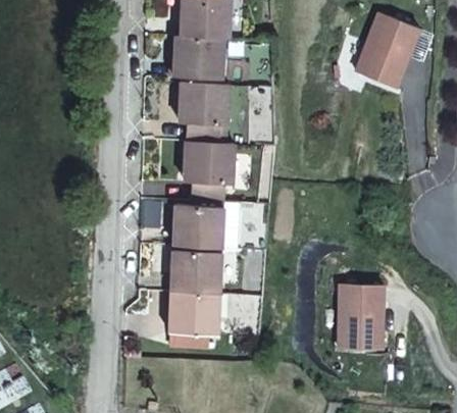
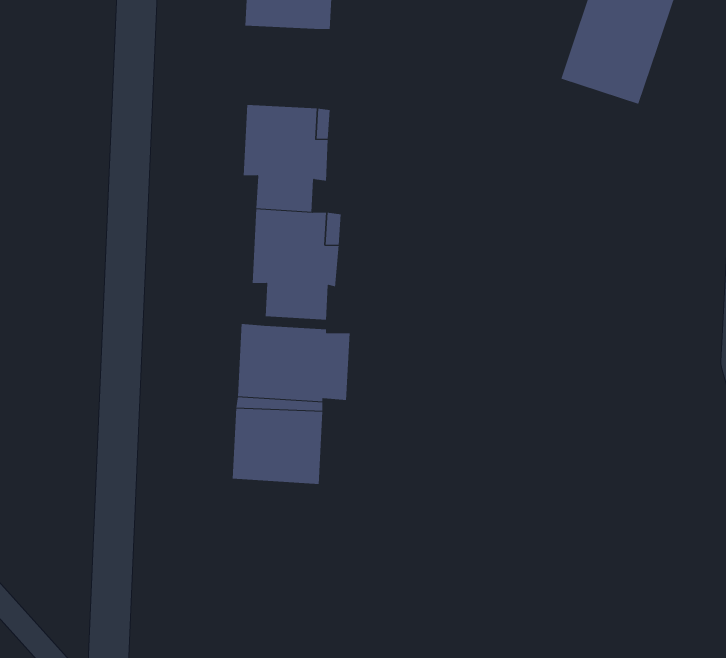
building: [172,39,221,79] -> none
building: [169,292,220,334] -> none
building: [344,292,388,355] -> none

